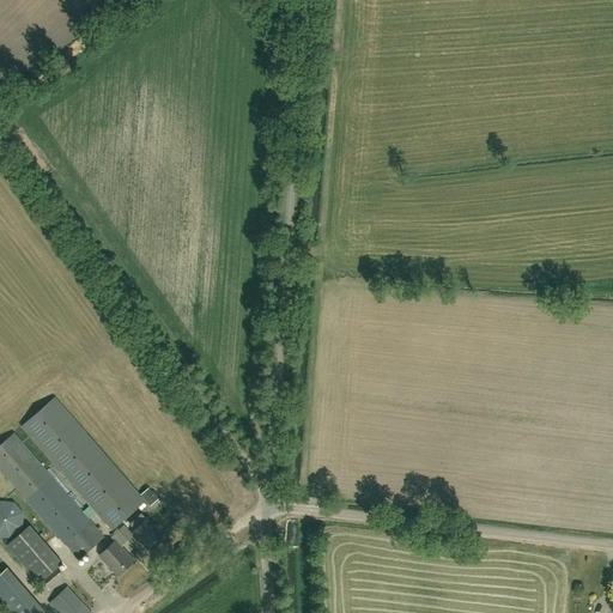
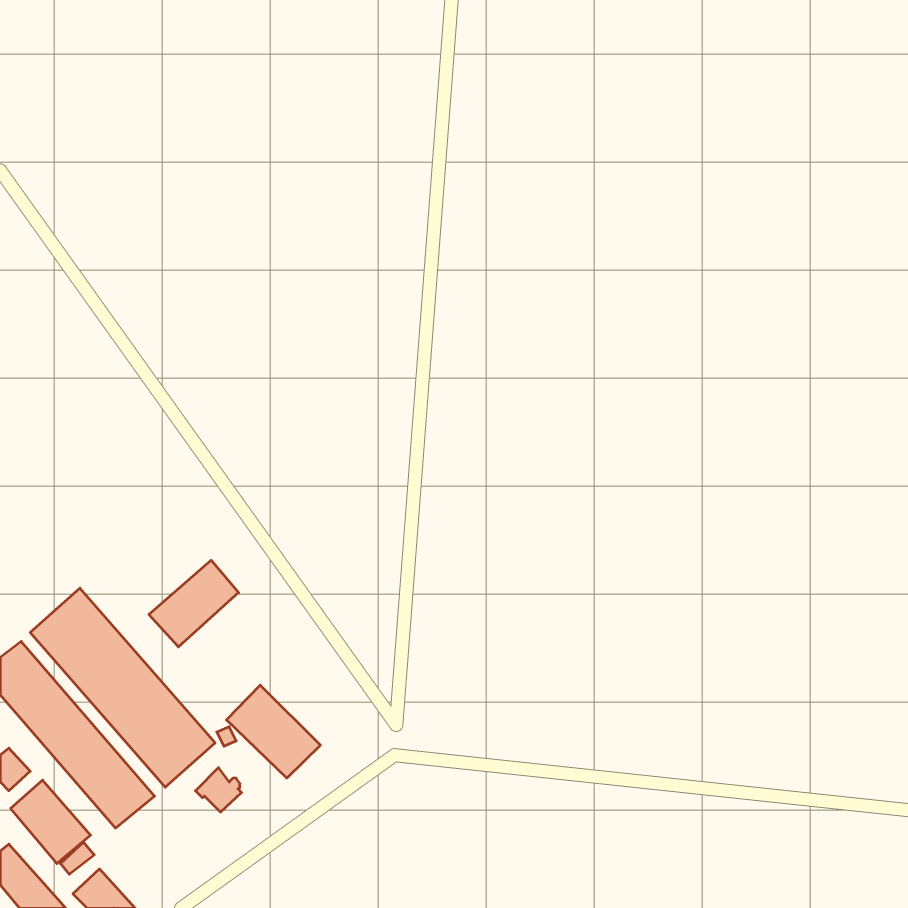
building: none -> [149,560,239,647]
building: none -> [226,685,320,778]
building: [99,540,134,575] -> none

